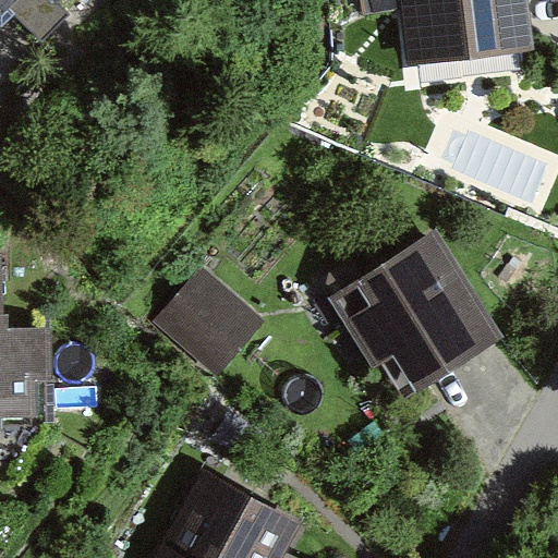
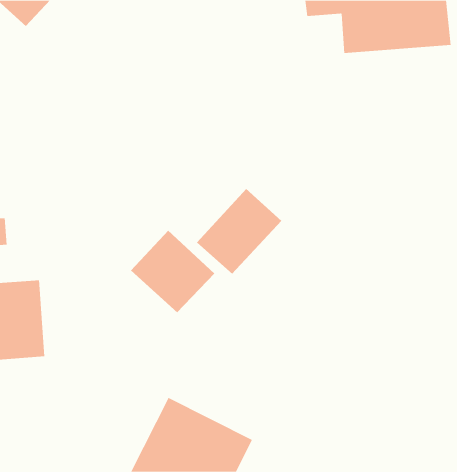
building: none -> [196,188,282,274]
building: [349,236,505,388] -> none

